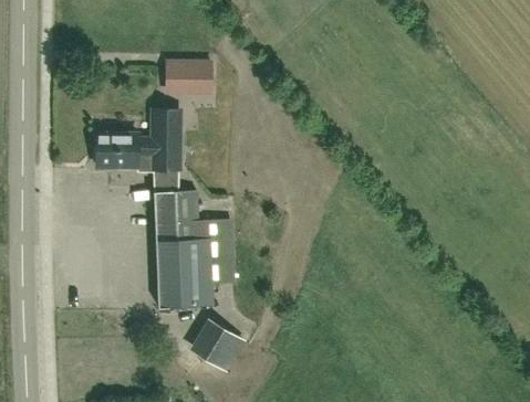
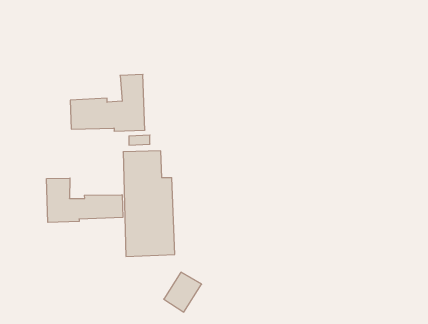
building: [166,60,214,89] -> none
building: none -> [47,178,123,222]

